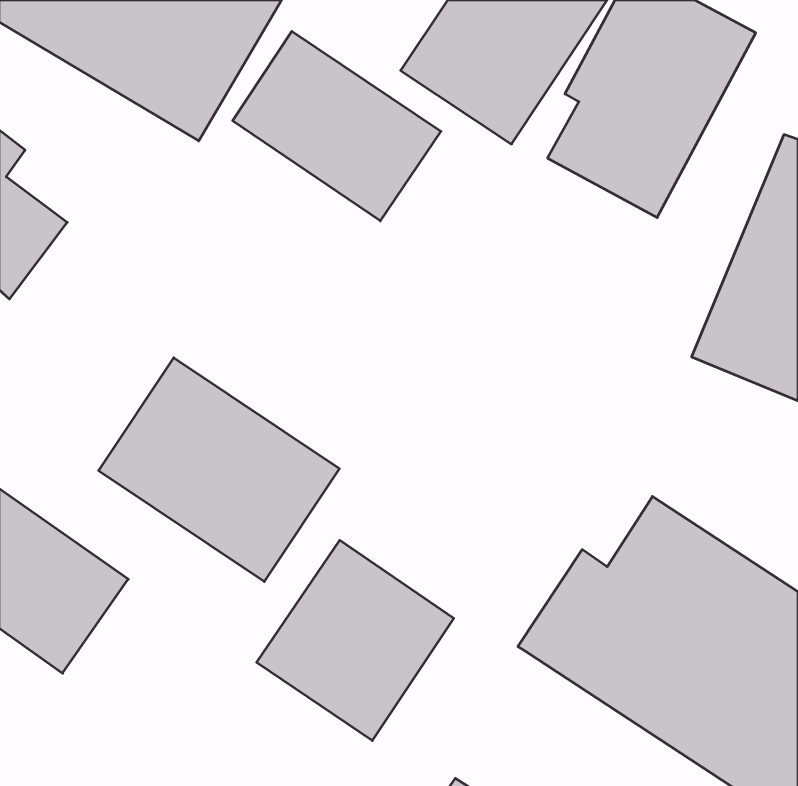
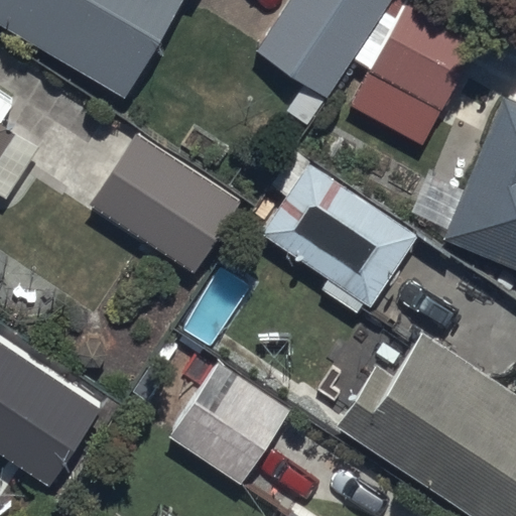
building: [233,31,441,221] -> none
building: none -> [258,145,422,317]
building: [99,358,339,582] -> [87,132,242,276]

